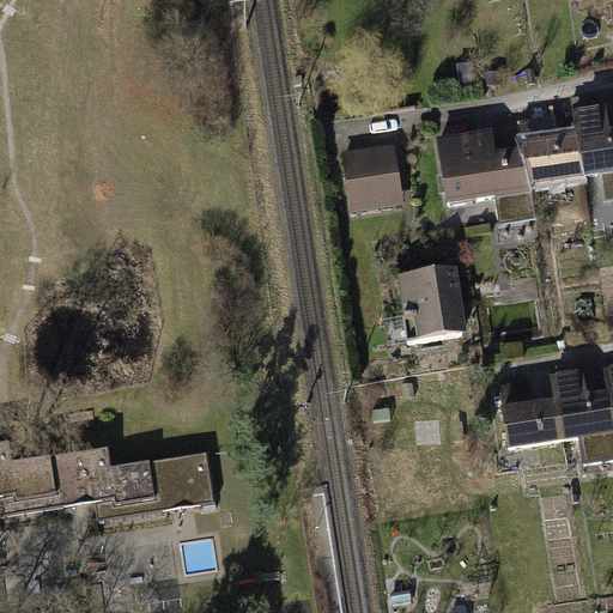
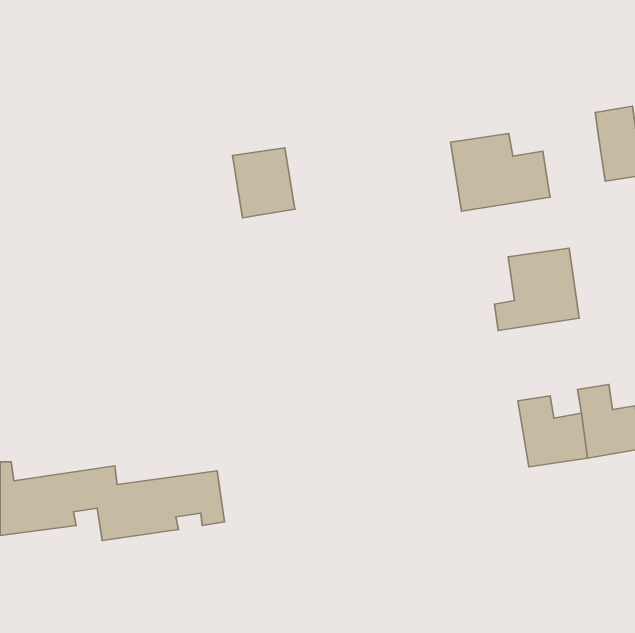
building: [520,114,583,182] -> none
building: [340,145,400,212] -> [233,148,295,218]
building: [386,266,467,345] -> [494,248,579,331]

